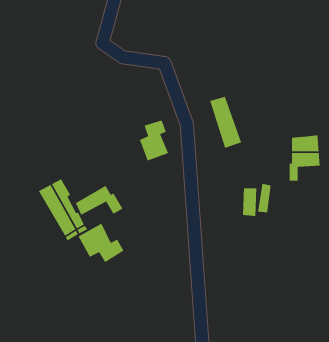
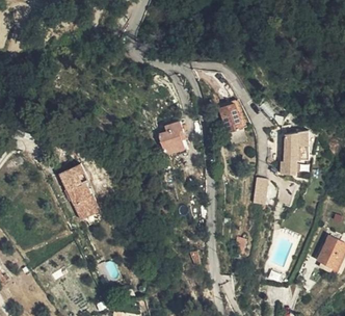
building: [75,185,123,216] -> none
building: [78,223,125,263] -> none

